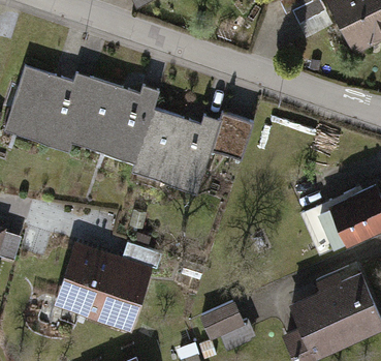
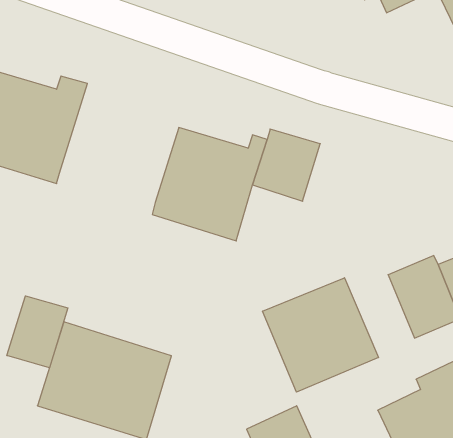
building: [69,78,158,161] -> none
building: none -> [263,278,378,392]
building: none -> [7,296,68,368]

